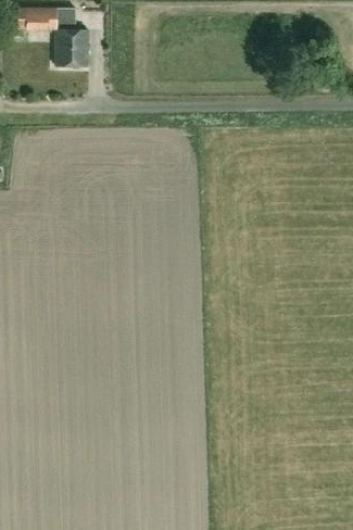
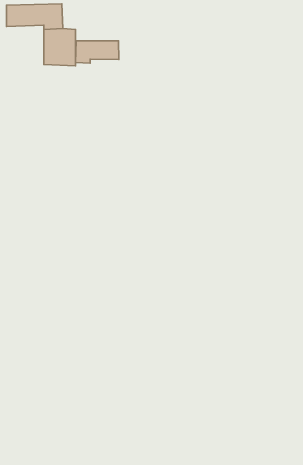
building: none -> [76,41,119,63]

